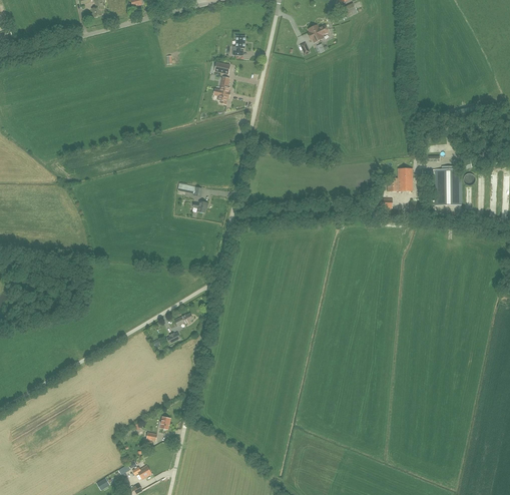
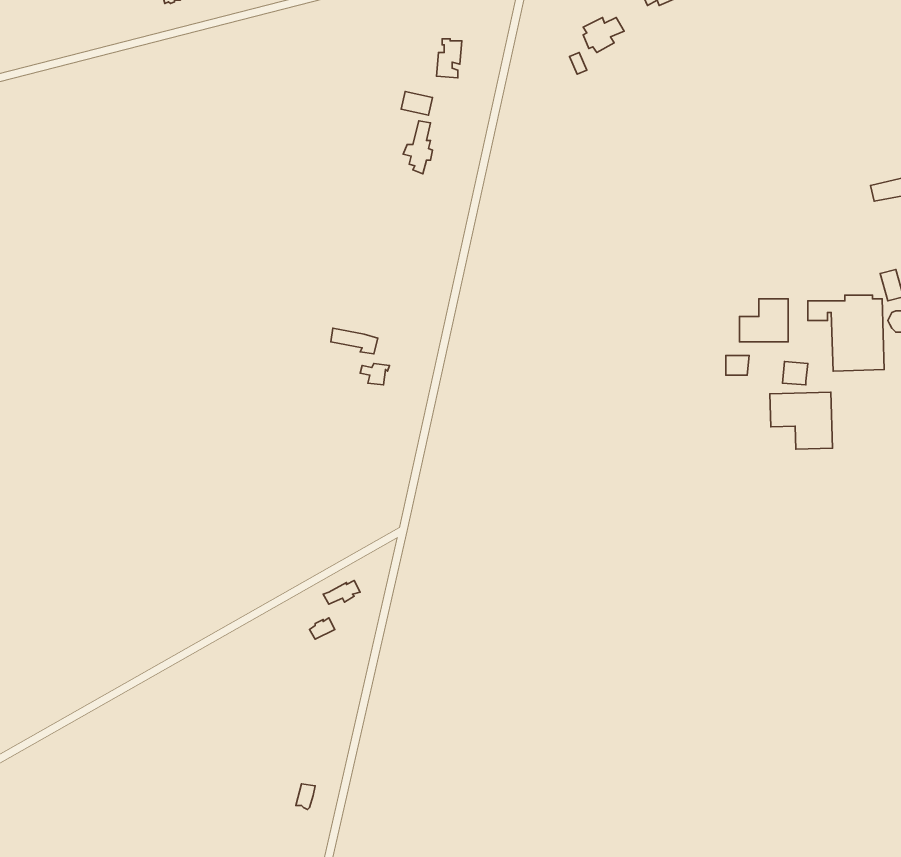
building: none -> [770,392,833,449]

